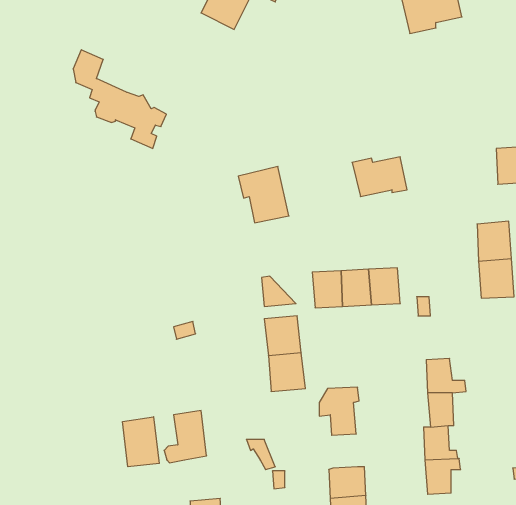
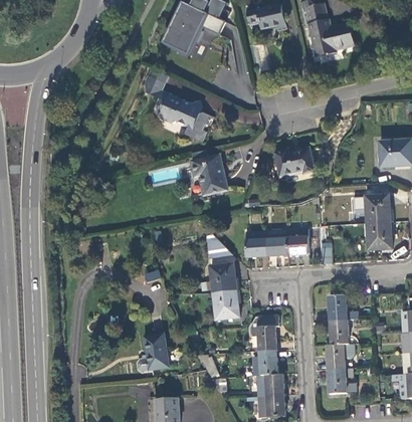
building: [73,50,166,148] -> [145,71,213,144]
building: [123,417,159,467] -> none
building: none -> [259,350,278,375]

